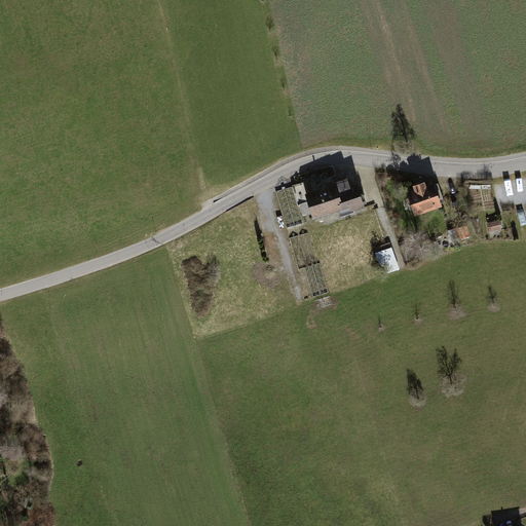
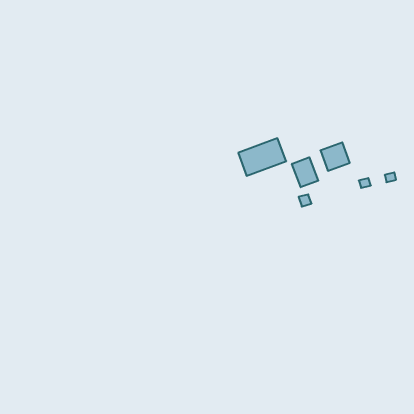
building: none -> [292,157,318,187]

